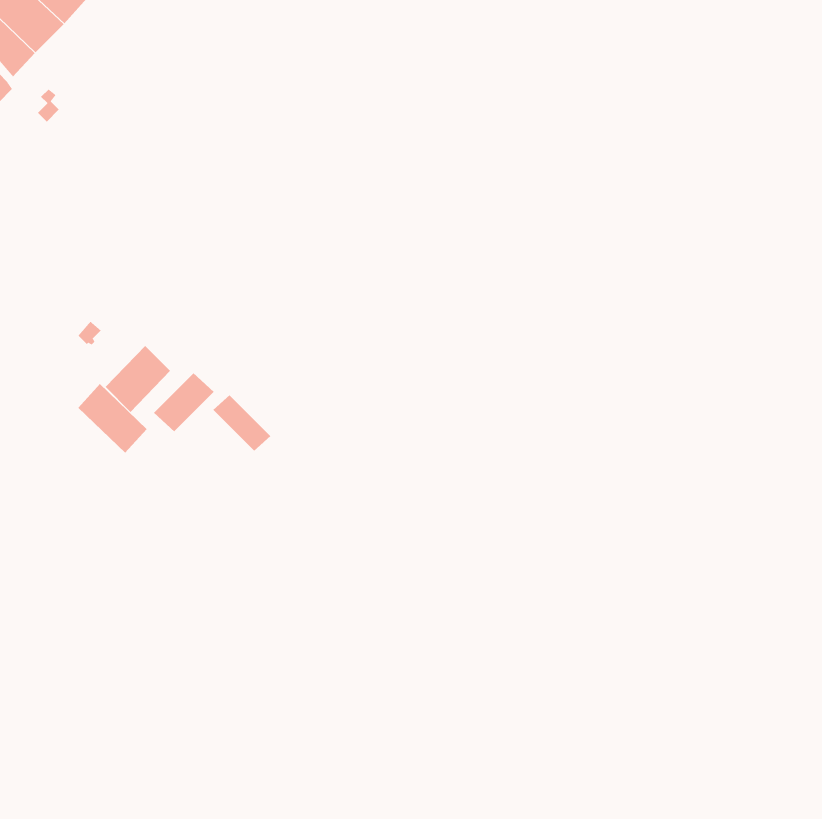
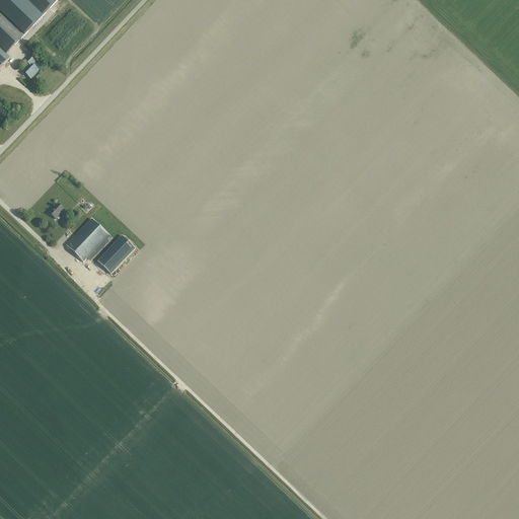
building: [78,383,148,453] -> none
building: [213,394,271,452] -> none

